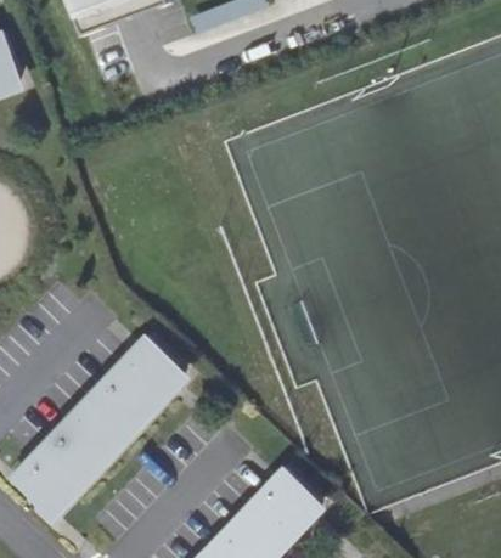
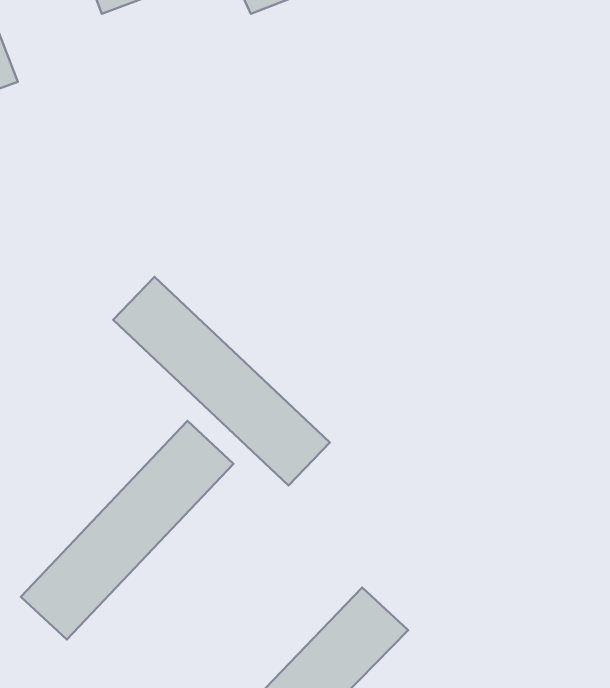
building: none -> [113,277,330,485]

